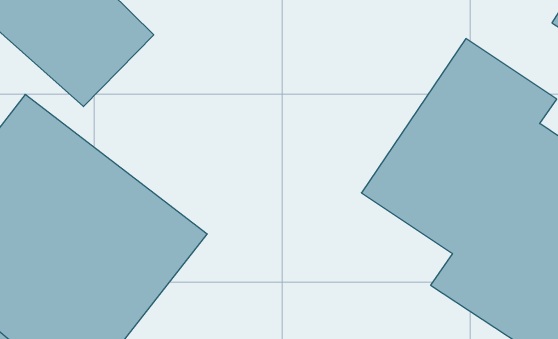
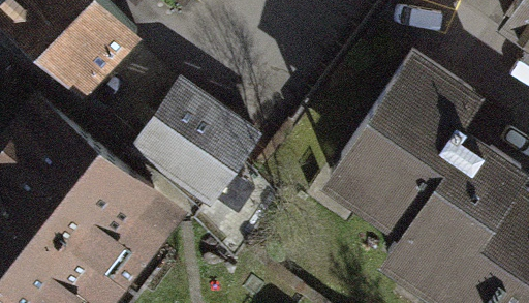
building: none -> [132,83,263,211]

